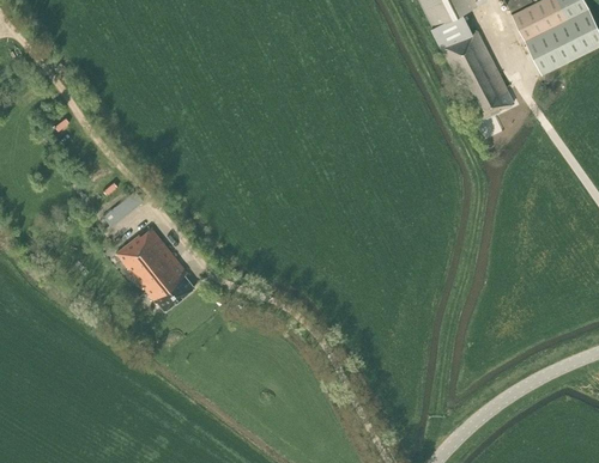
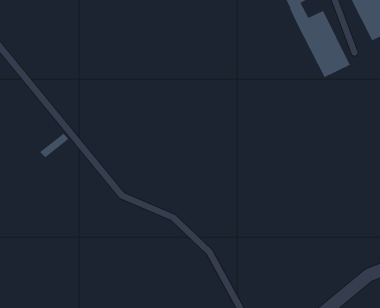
building: [116,226,194,309] -> none

